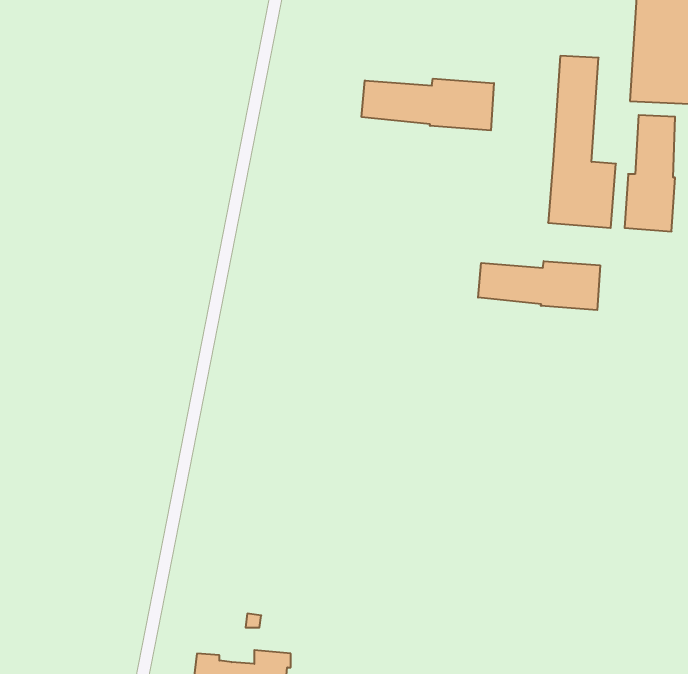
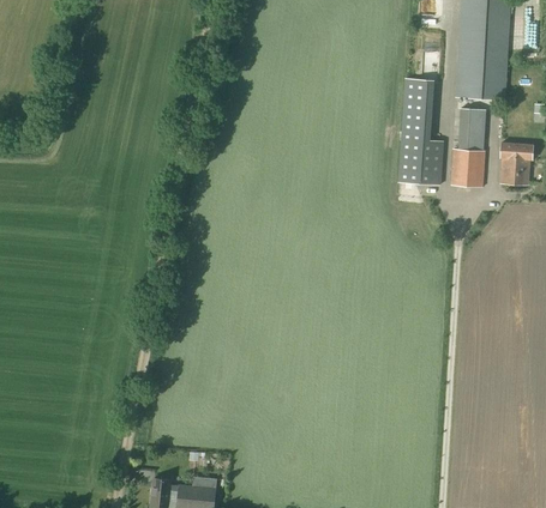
building: [362,79,494,130] -> none
building: [478,261,600,310] -> none

